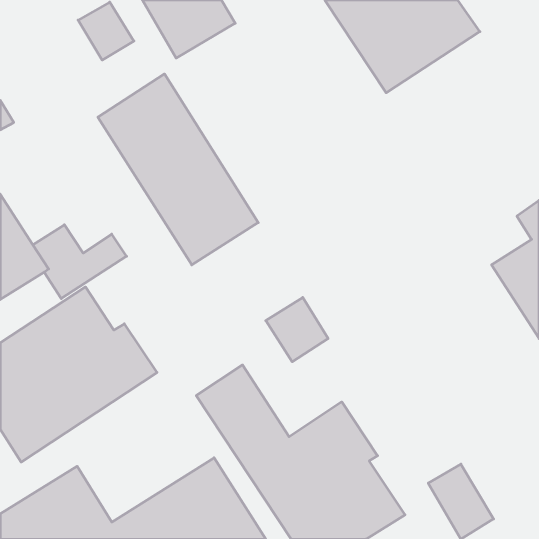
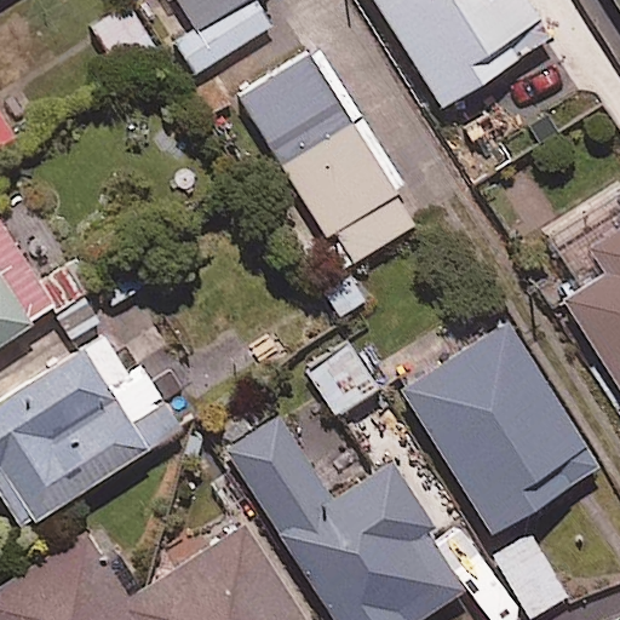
building: [98,74,258,265] -> [237,48,421,268]
building: none -> [400,323,598,535]

